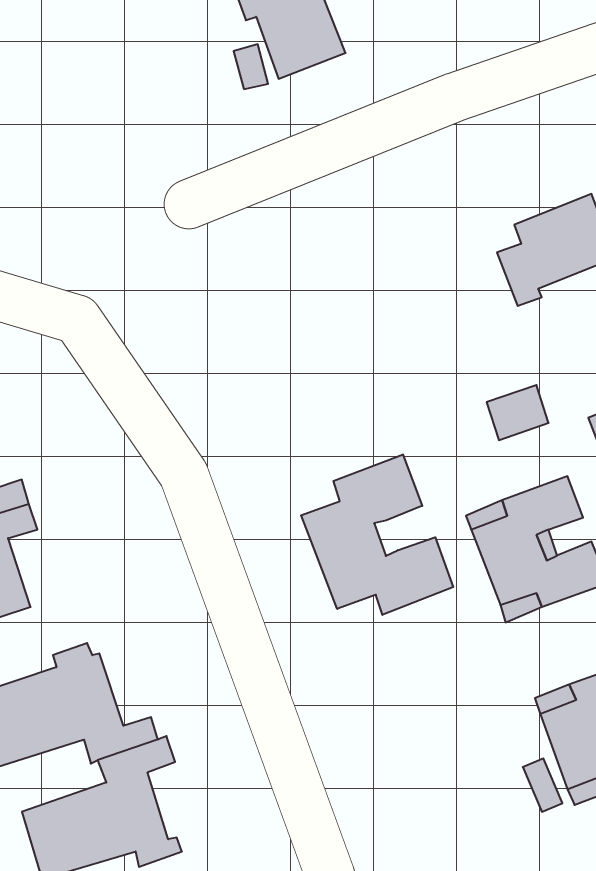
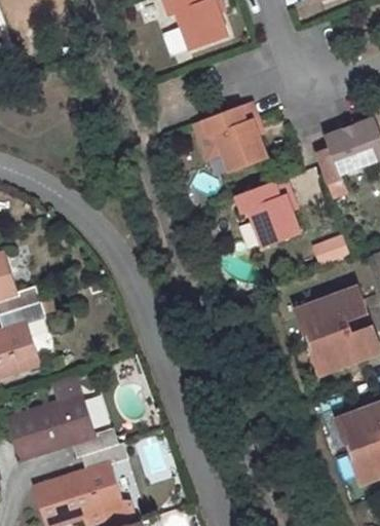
building: none -> [201,102,267,172]
building: none -> [235,174,299,243]
building: [301,454,453,615] -> none

